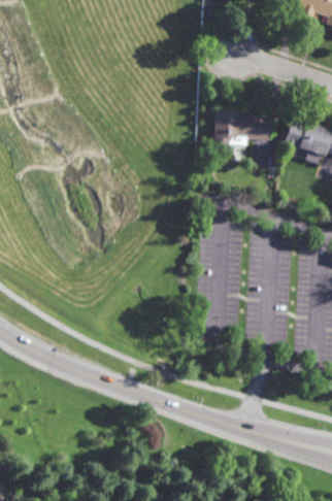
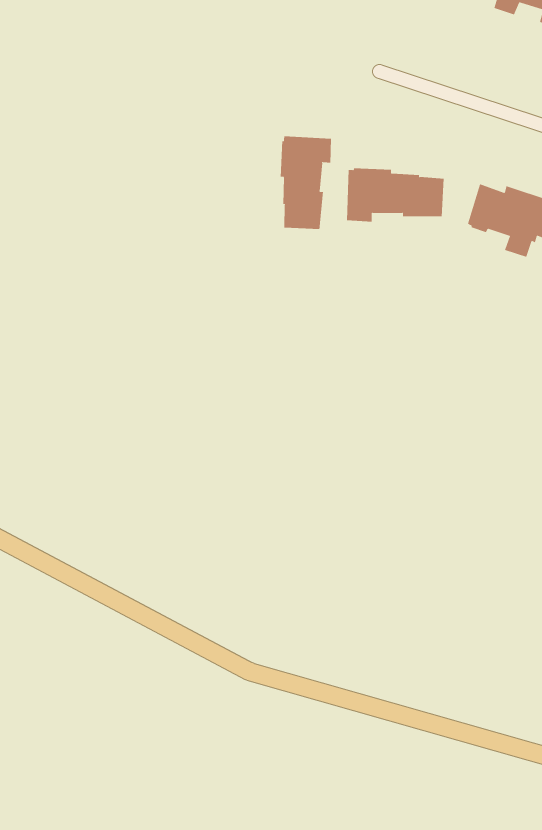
building: none -> [280,136,332,230]

